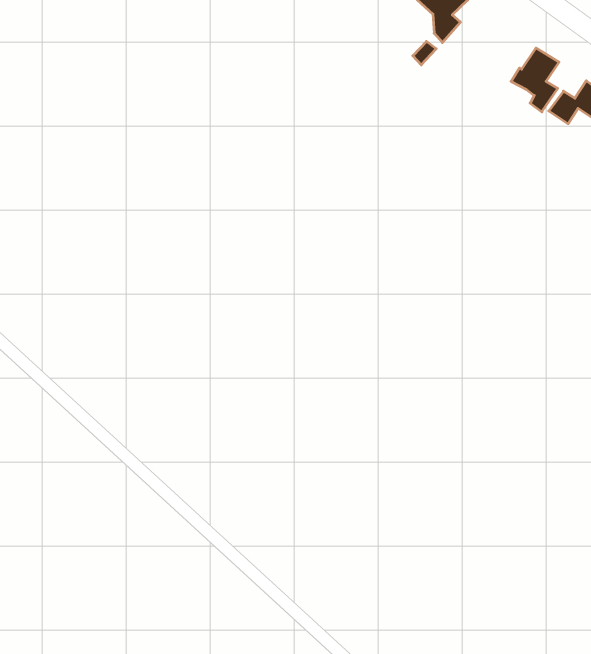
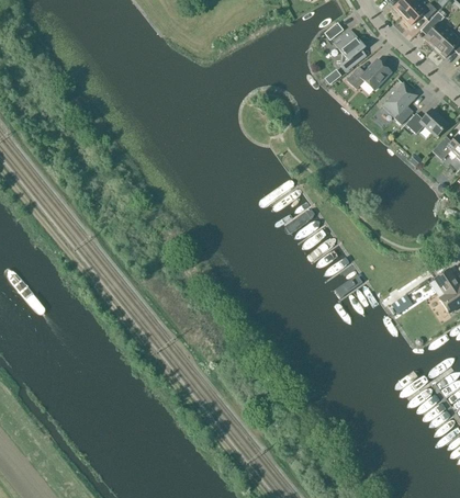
building: none -> [346,58,391,90]

